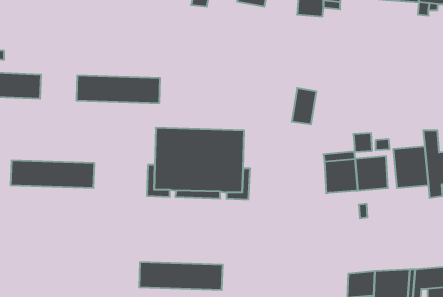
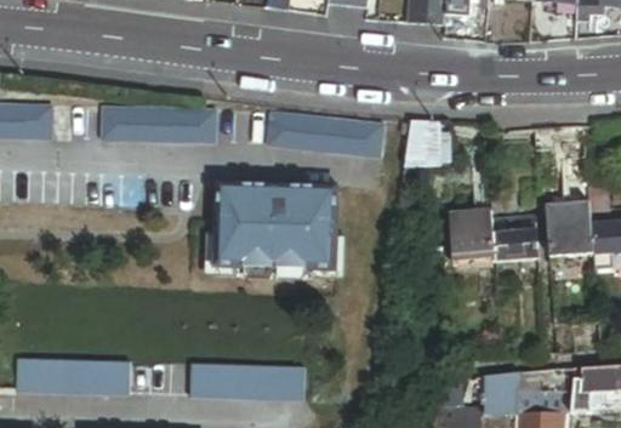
building: none -> [269,110,381,148]
building: [11,161,94,188] -> [18,355,133,393]

